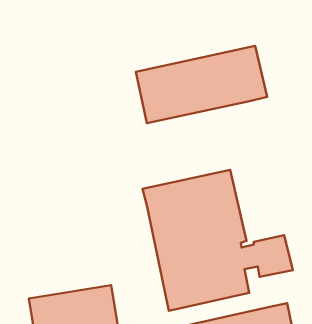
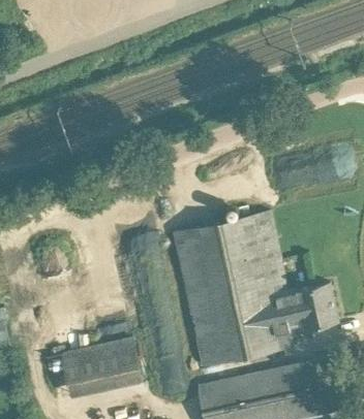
building: [136,46,267,123] -> none

